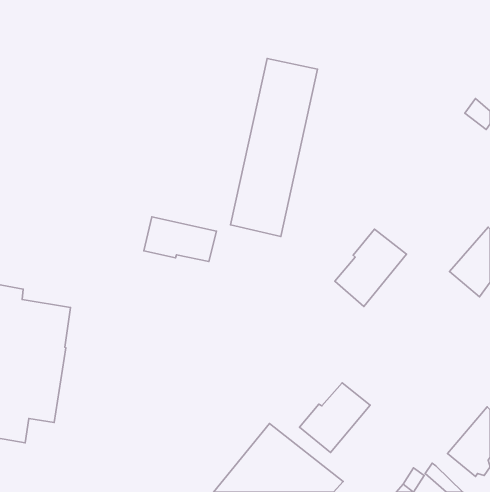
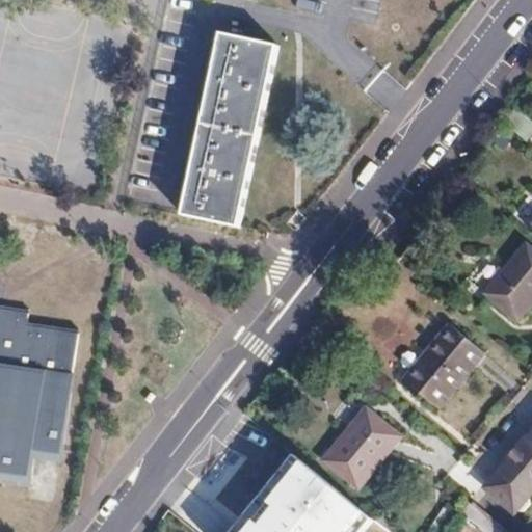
building: [230,58,317,236] -> [181,34,274,225]
building: [144,217,216,261] -> none
building: [335,229,406,306] -> [404,324,481,407]

